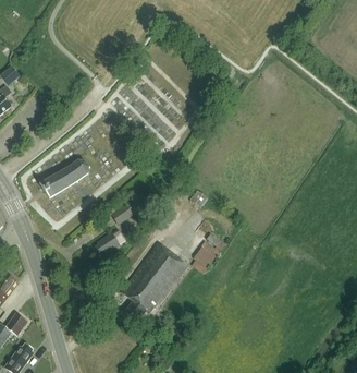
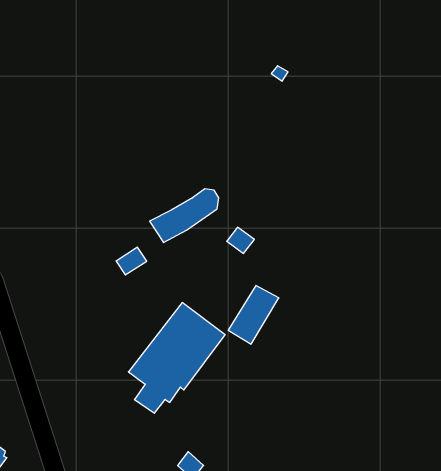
building: [38,160,87,198] -> [150,189,219,243]
building: [94,228,125,255] -> none

